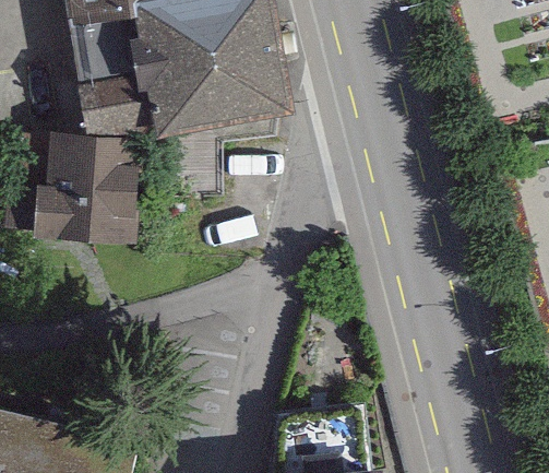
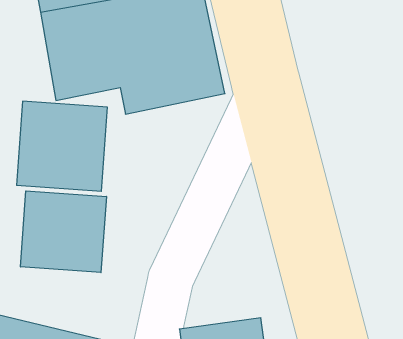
building: none -> [21,191,106,273]

